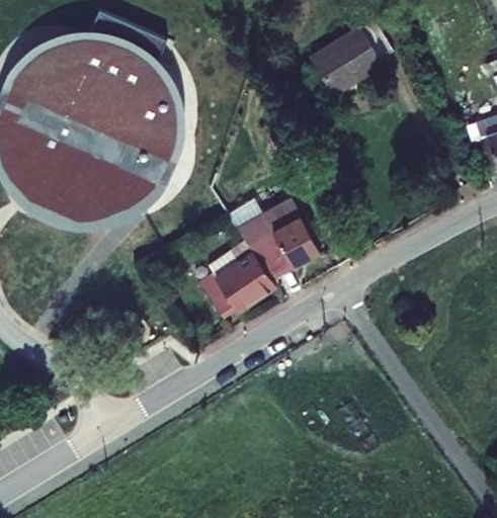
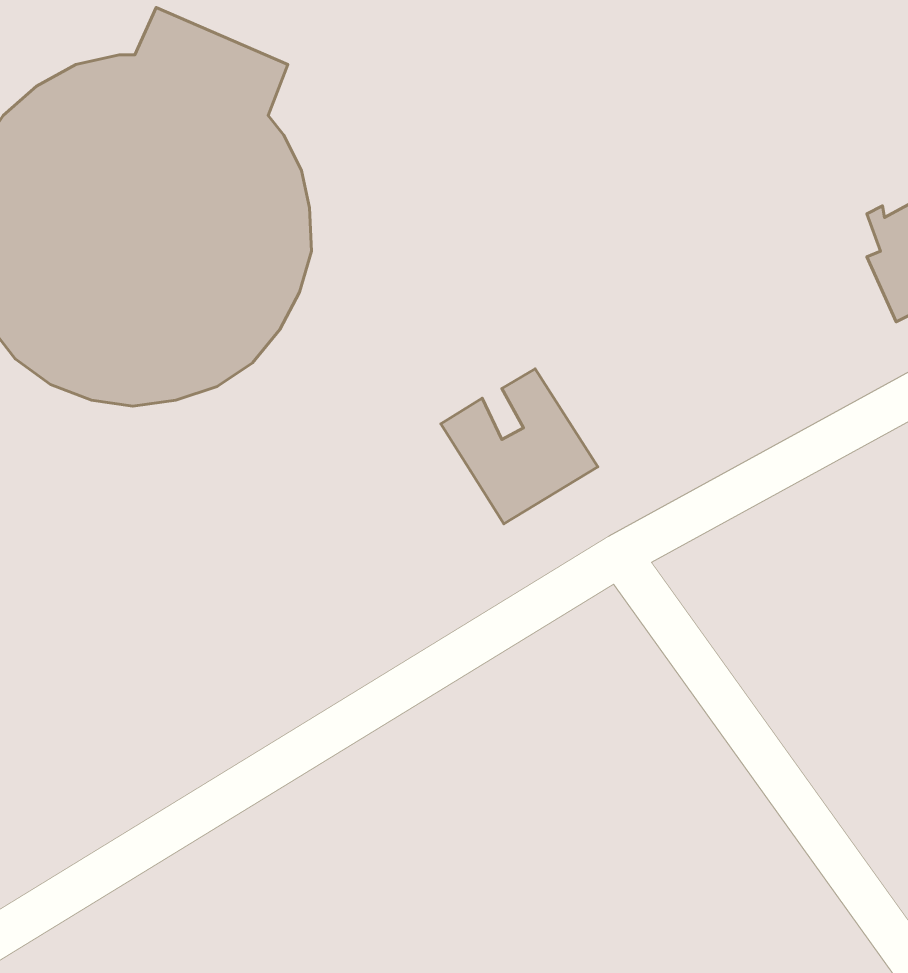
building: [298,21,385,98] -> none
building: [198,252,279,317] -> none

